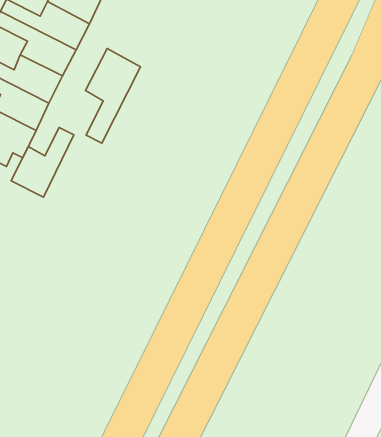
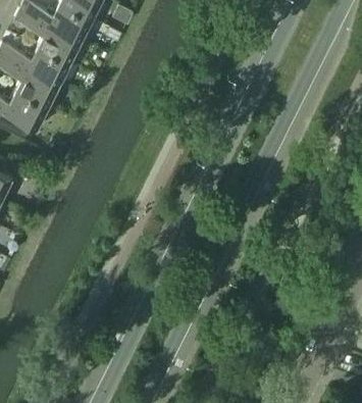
building: [85,48,141,143] -> none
building: [11,127,74,197] -> none

